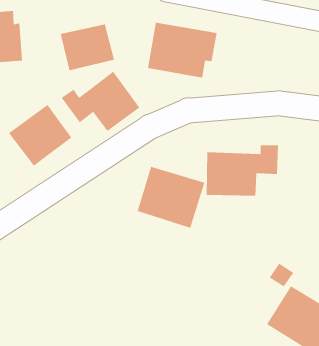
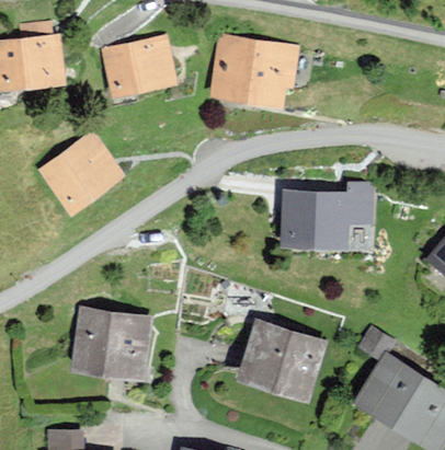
building: [61,71,140,132] -> none
building: [137,166,205,228] -> [240,323,323,399]
building: none -> [76,310,150,376]

